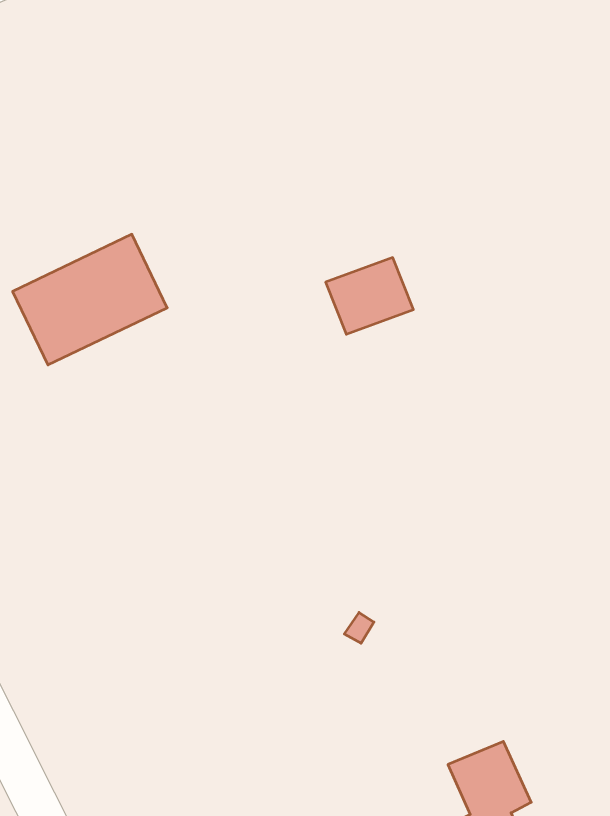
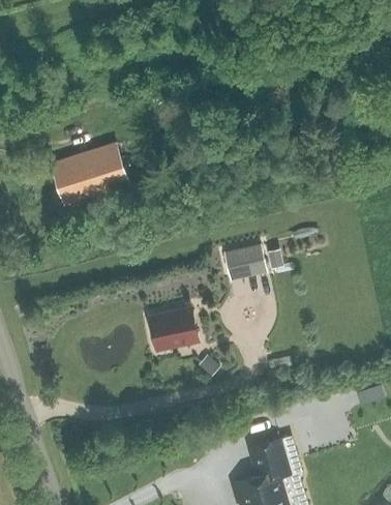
building: [326,258,413,334] -> [222,242,267,279]
building: none -> [149,306,197,345]

